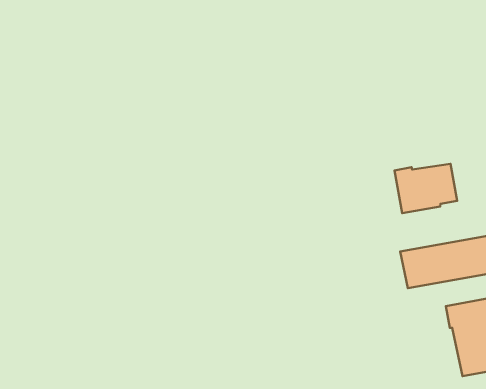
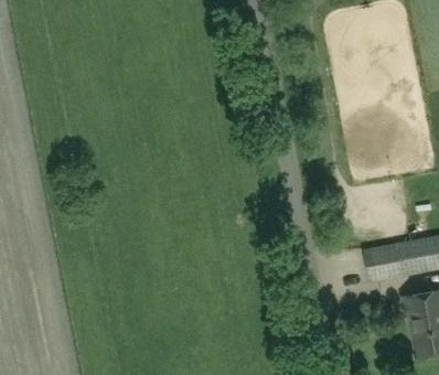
building: [395,164,457,213] -> none

